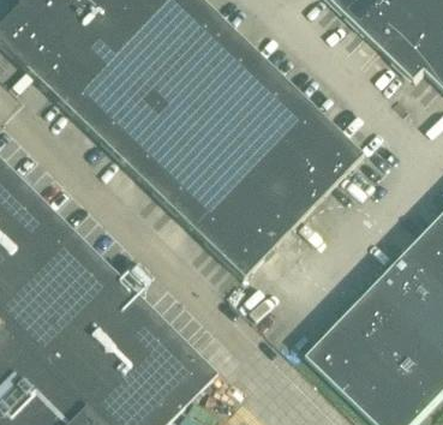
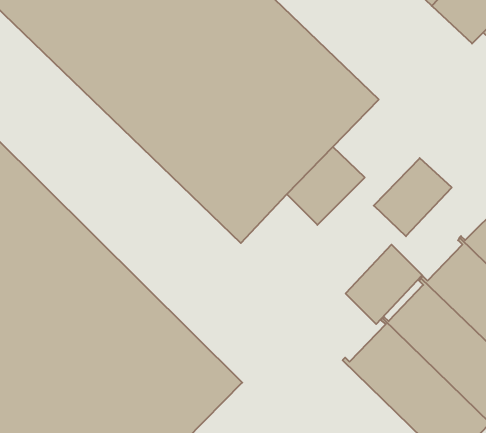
building: [294,127,361,194] -> [374,158,452,236]
building: [215,209,281,277] -> [346,245,422,324]

